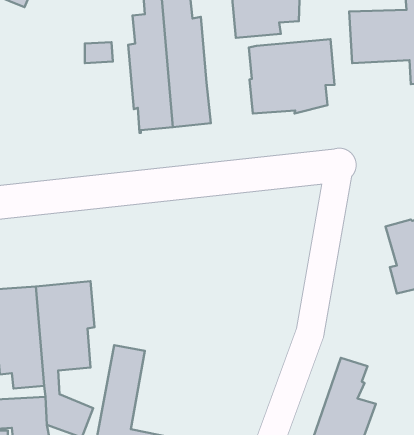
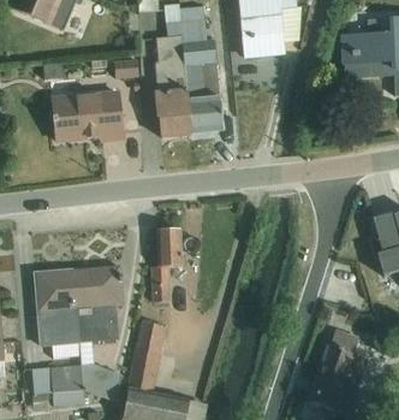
building: [249,39,335,114] -> none
building: none -> [50,89,123,141]
building: none -> [150,230,181,301]

